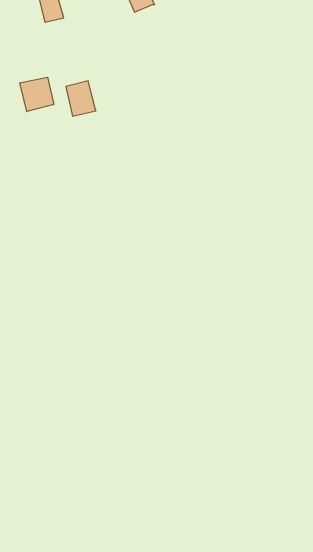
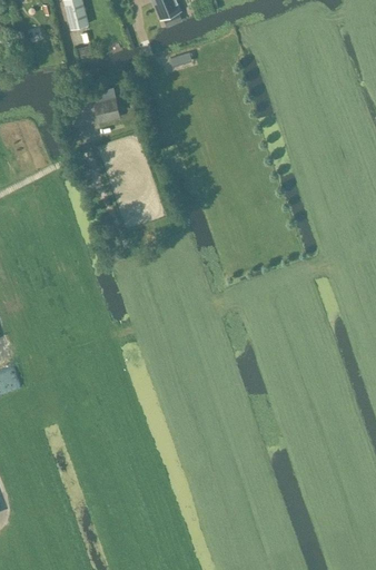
building: [20,77,54,112] -> none

